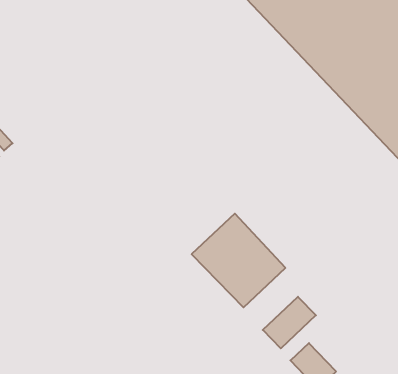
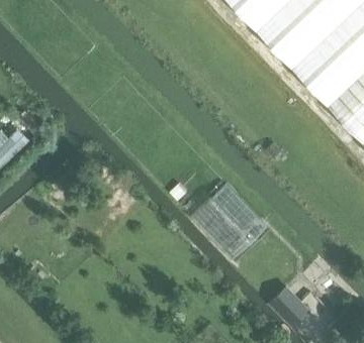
building: [263,297,316,348] -> none

